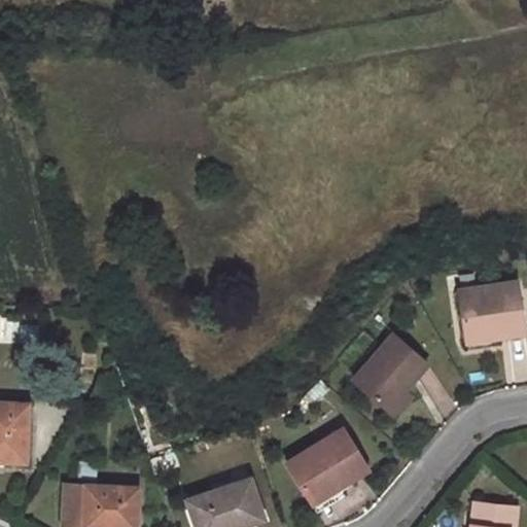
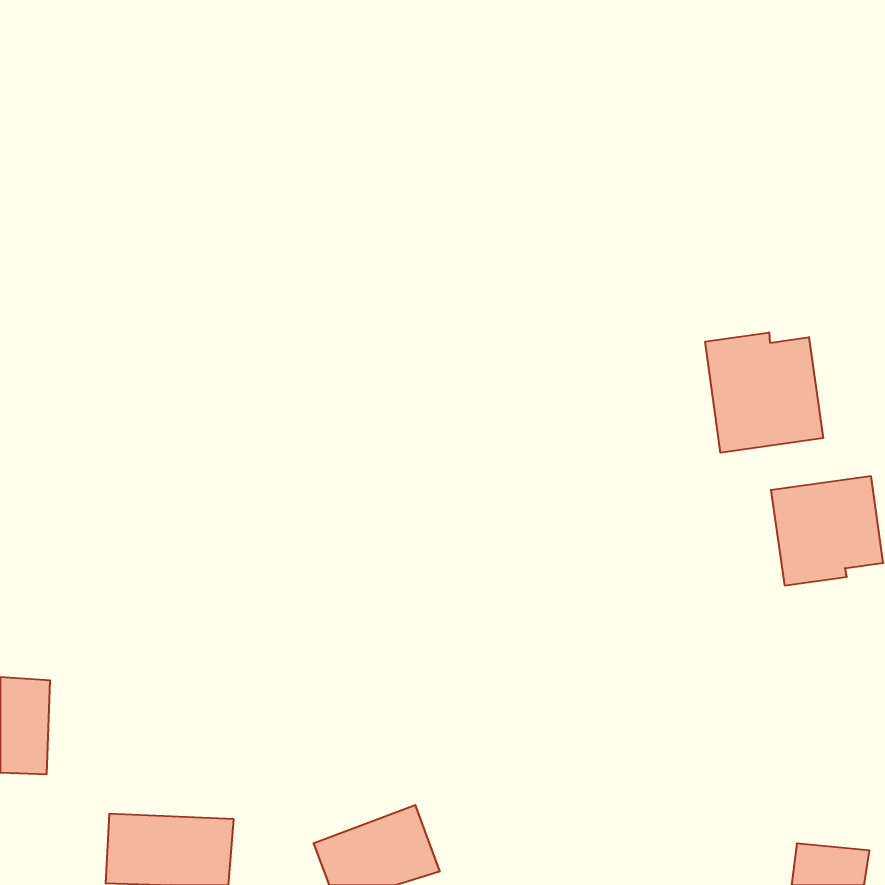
building: none -> [705,332,823,453]
building: [353,335,428,417] -> none
building: [287,429,368,500] -> none

